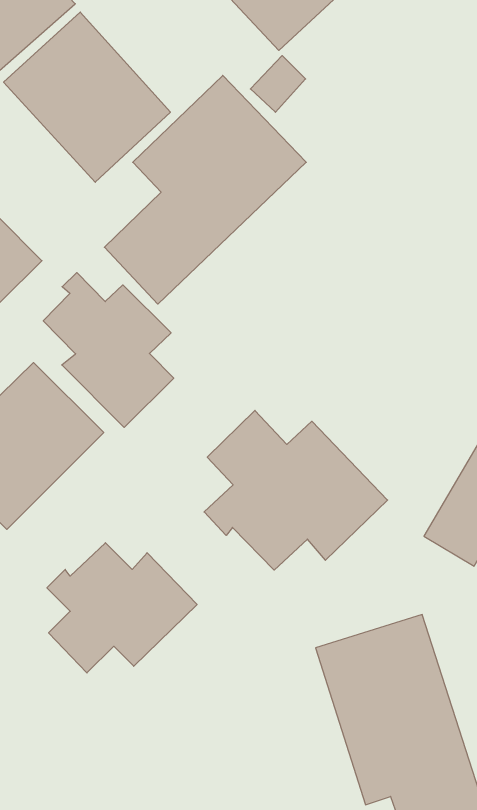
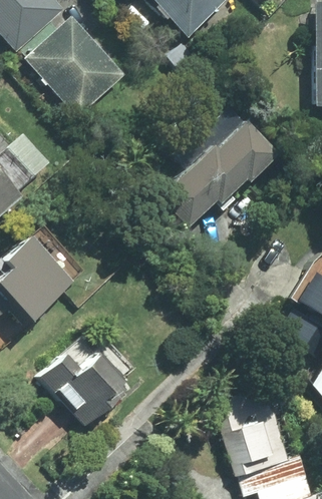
building: [104,75,306,304] -> [153,100,275,237]
building: [43,273,174,427] -> none
building: [204,410,388,570] -> none

